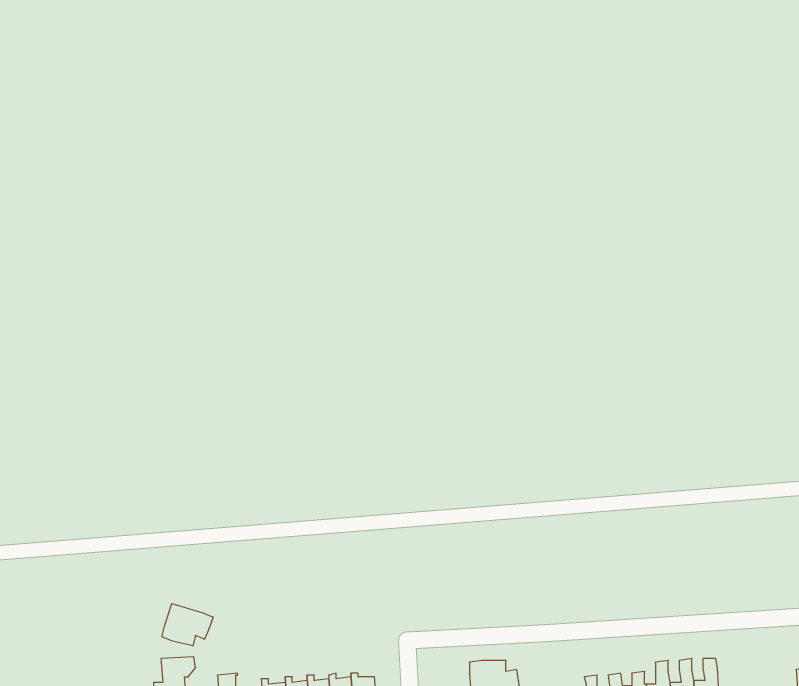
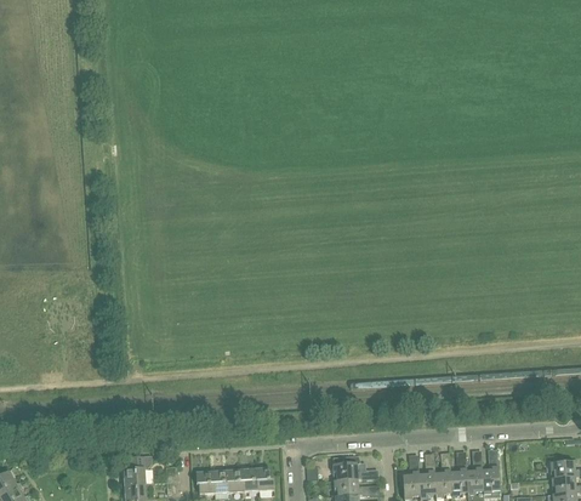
building: [162,604,213,646] -> none

